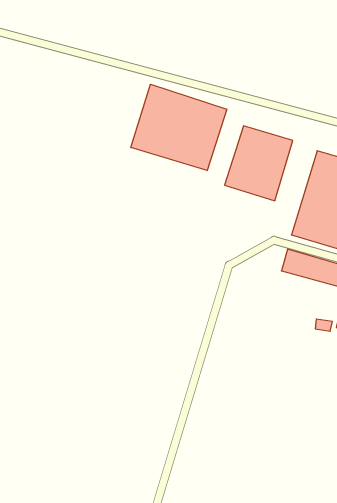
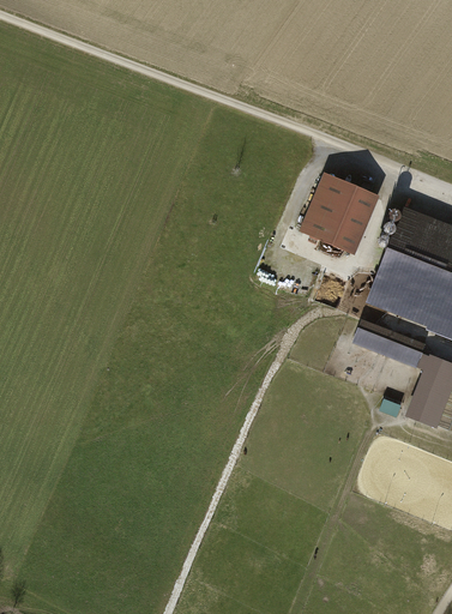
building: [131,84,227,171] -> none

